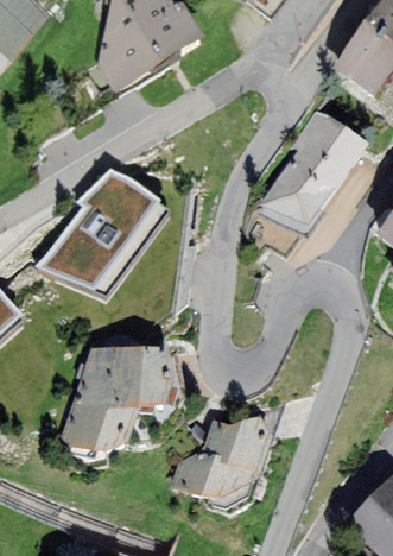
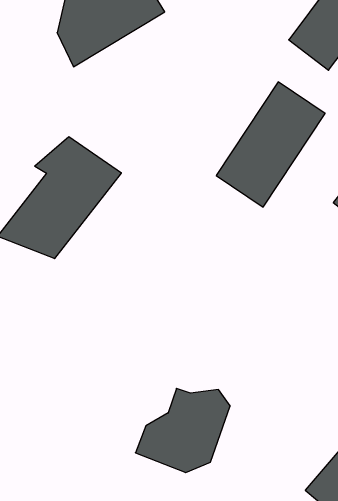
building: [57,345,161,450] -> none

